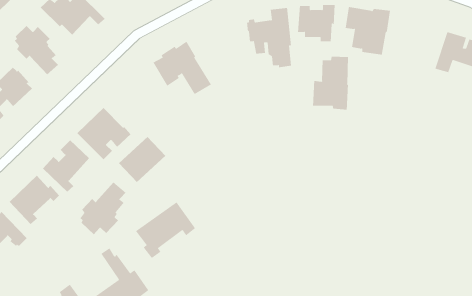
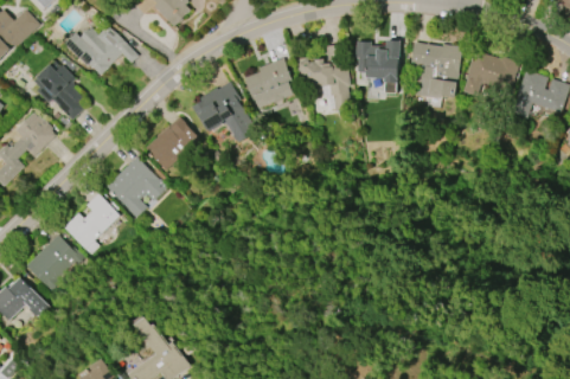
building: none -> [462,51,518,97]
building: none -> [244,58,292,109]
building: [313,56,349,110] -> none
building: [118,136,166,183] -> [143,117,198,171]
building: [80,181,126,235] -> none
building: [135,201,196,259] -> none

